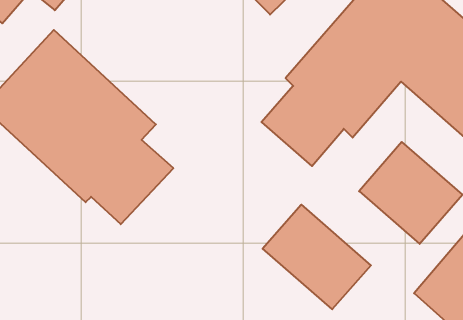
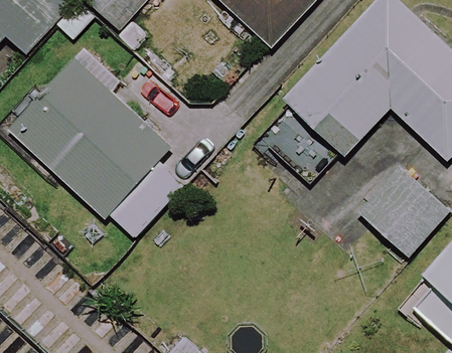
building: [263,205,371,309] -> none

